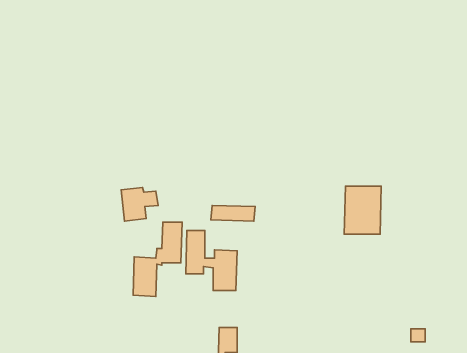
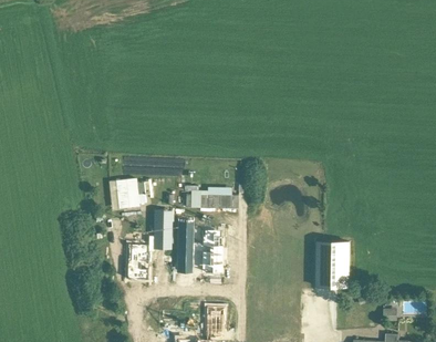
building: [344,186,381,234] -> [314,241,349,286]

